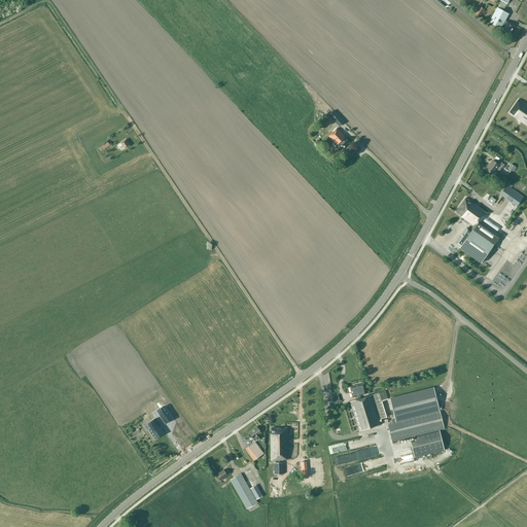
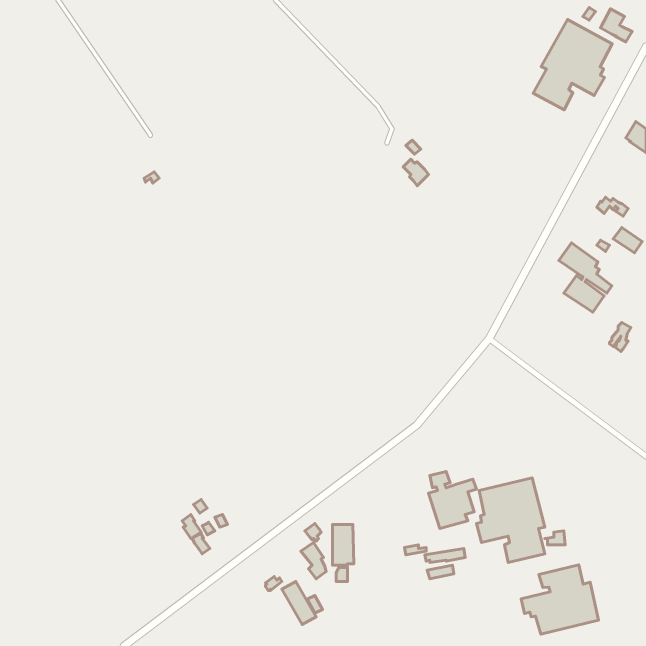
building: none -> [533,20,612,110]
building: none -> [521,565,598,634]

